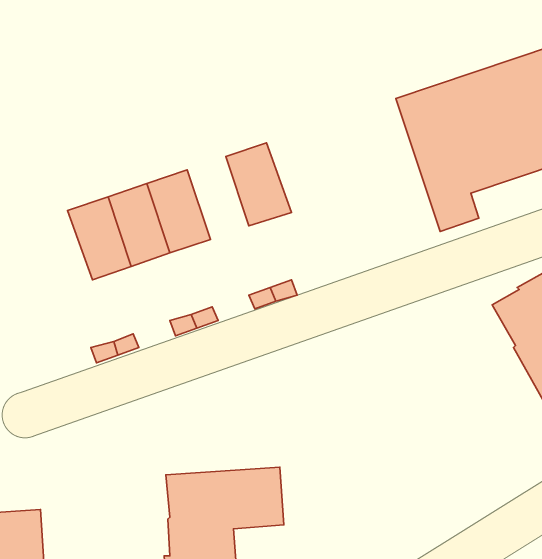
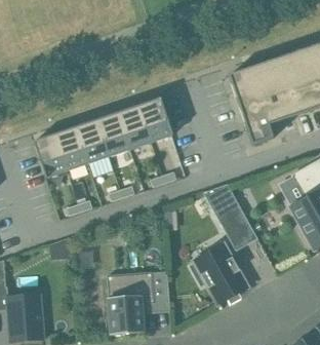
building: none -> [118,105,151,149]
building: none -> [33,133,68,178]
building: none -> [205,183,257,248]
building: none -> [191,243,248,303]

